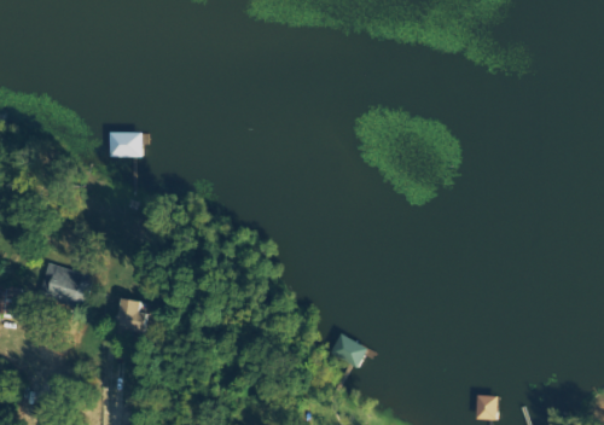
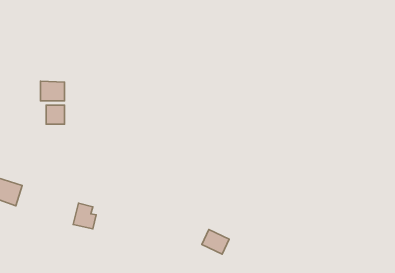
building: none -> [46,105,64,124]
building: [116,298,147,333] -> [73,203,96,229]

